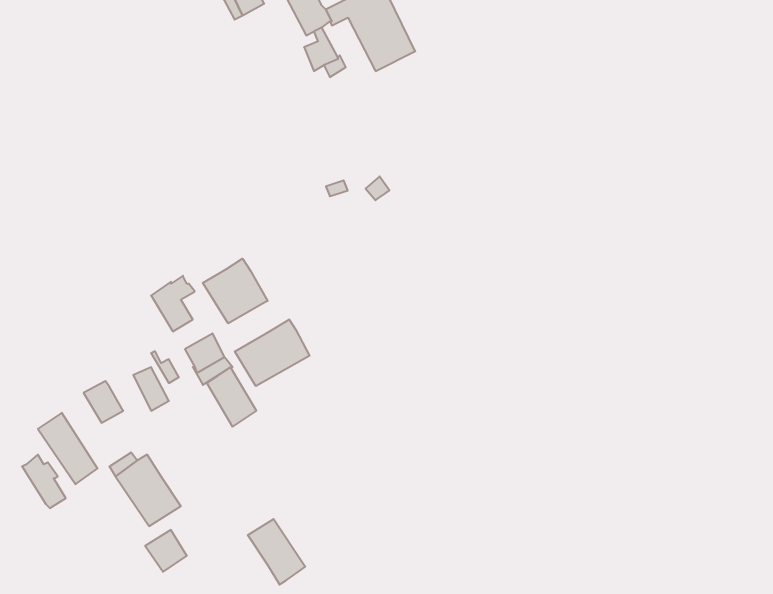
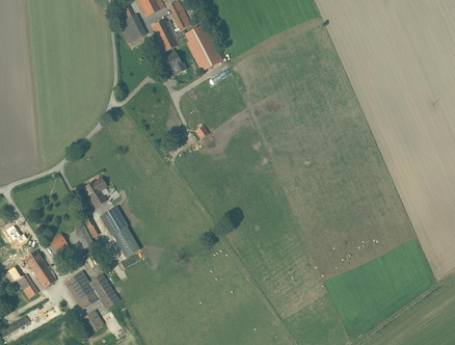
building: [203,259,268,323] -> none
building: [235,319,310,386] -> none
building: [248,519,305,585] -> [89,274,119,309]

